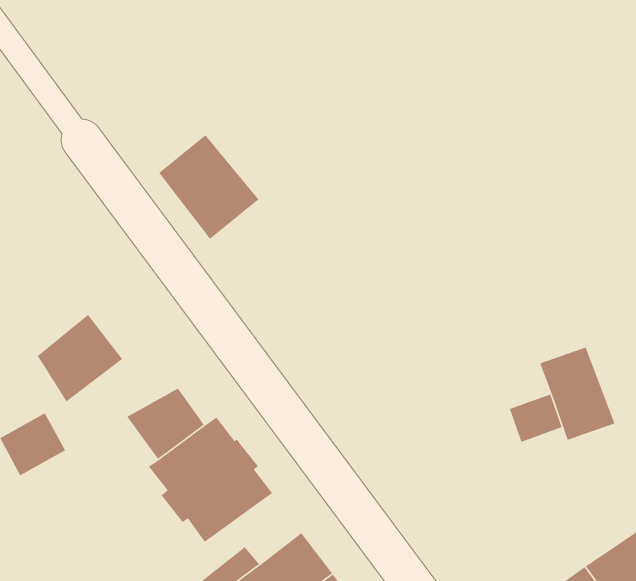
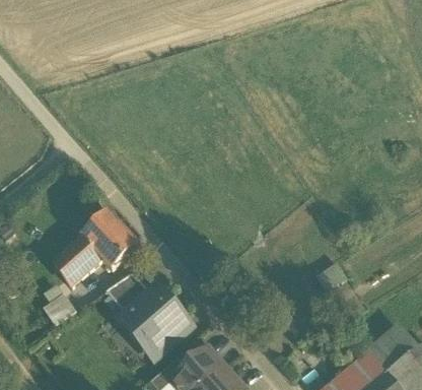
building: [158,134,259,240] -> [81,212,138,270]
building: [540,346,615,441] -> none

